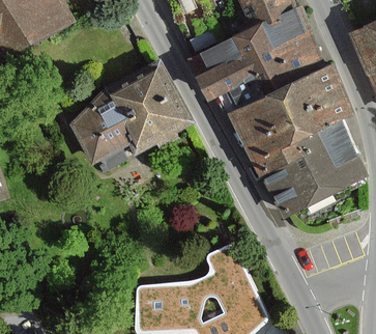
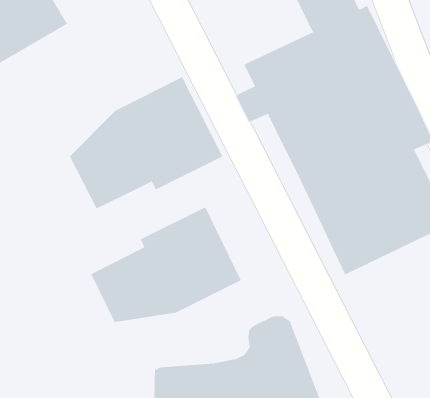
building: none -> [91,207,242,323]

